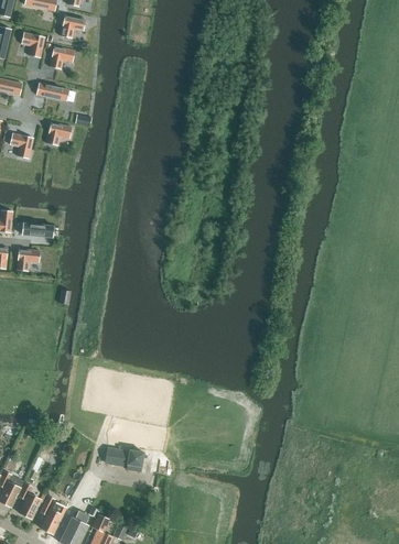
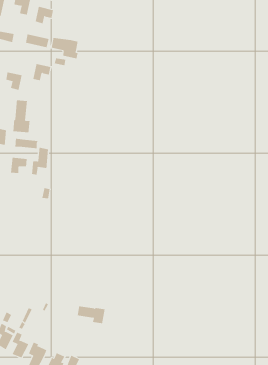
building: none -> [51,37,78,59]
building: none -> [13,100,30,133]
building: none -> [31,147,49,176]

